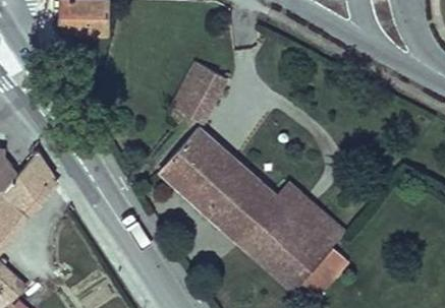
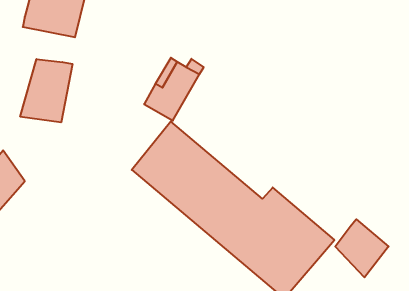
building: none -> [20,59,72,122]
building: none -> [335,219,389,277]

